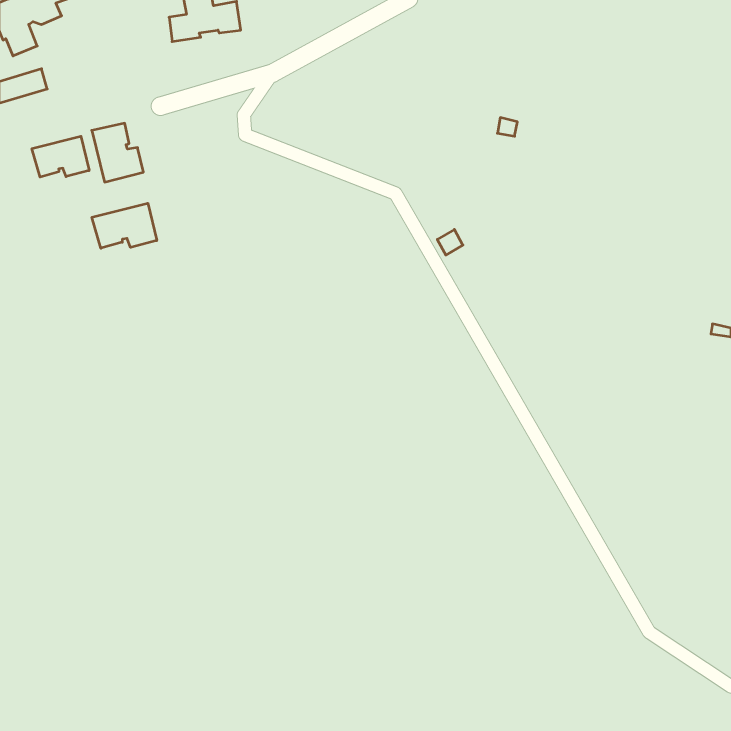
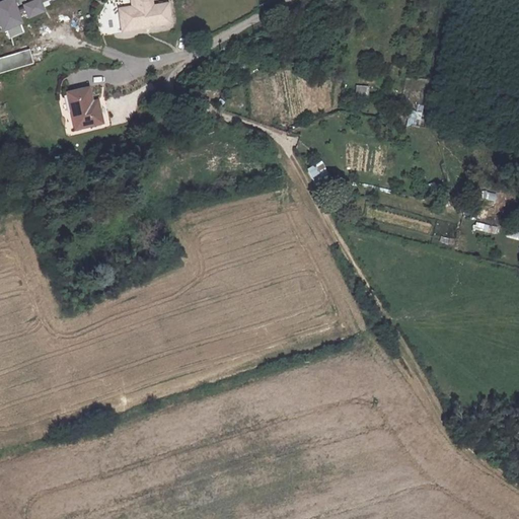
building: [32,136,89,177] -> none
building: [92,203,157,248] -> none

